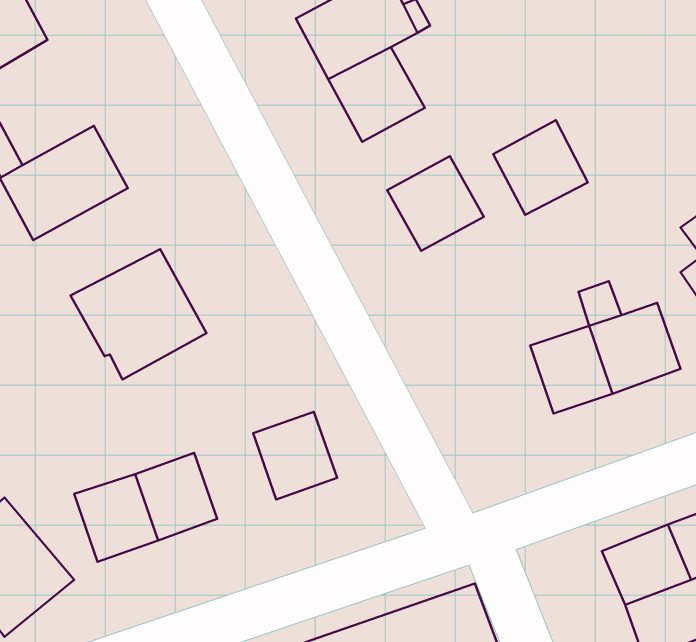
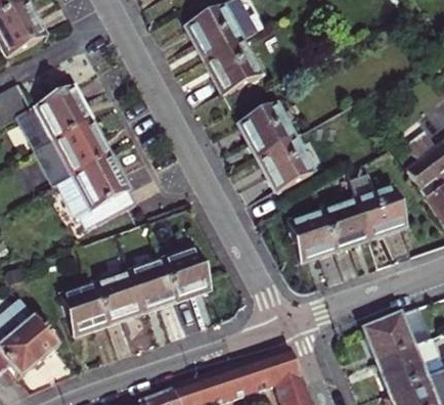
building: [493,120,588,215] -> [258,137,312,191]
building: none -> [36,121,108,185]
building: none -> [285,211,334,262]
building: none -> [128,261,175,310]

